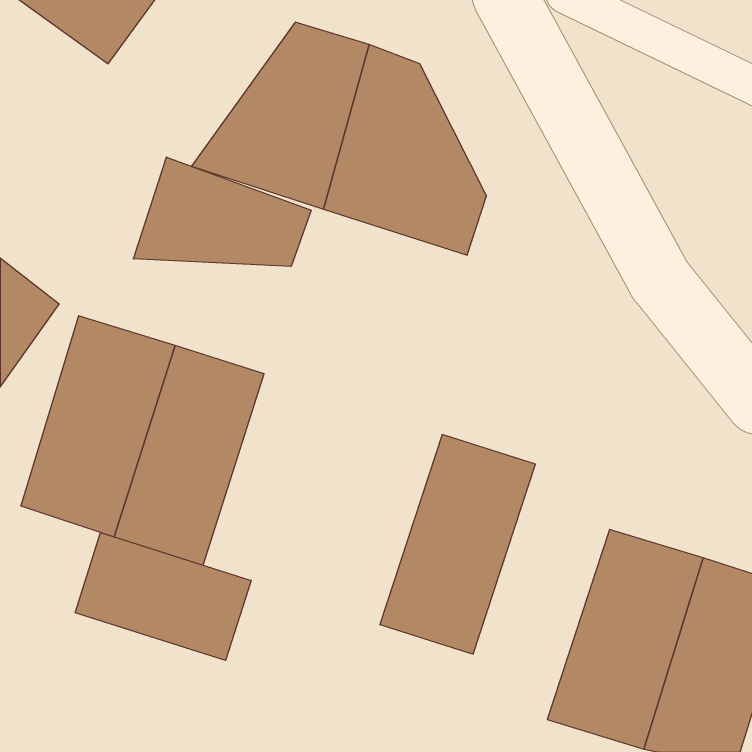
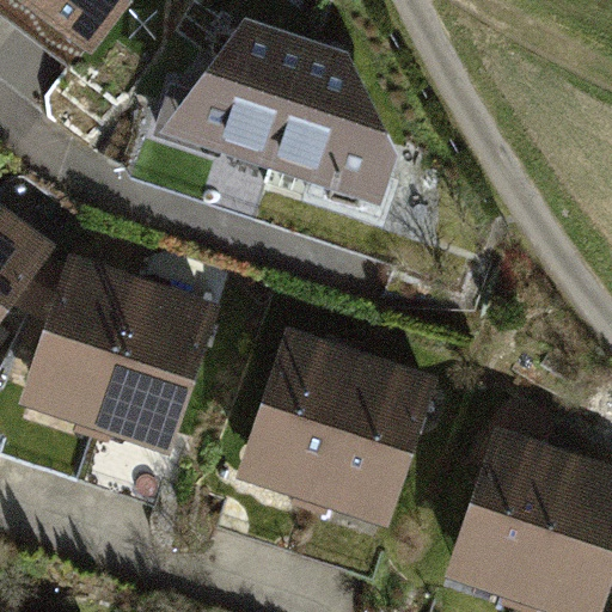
building: [133,157,311,266] -> none
building: none -> [235,326,361,503]
building: [75,533,251,660] -> none

